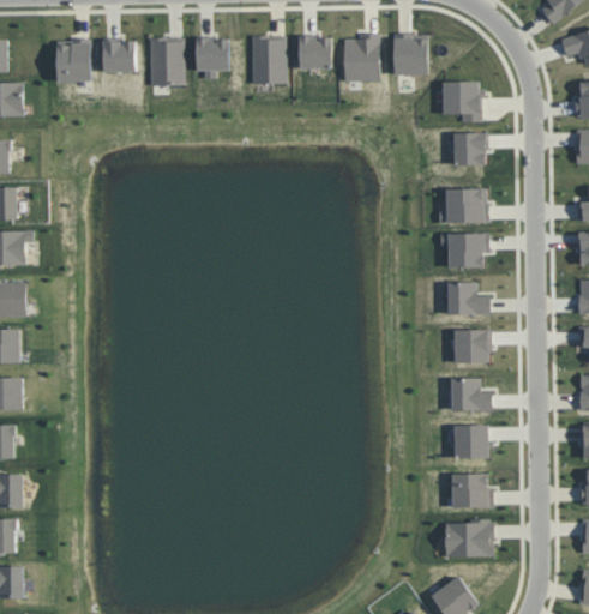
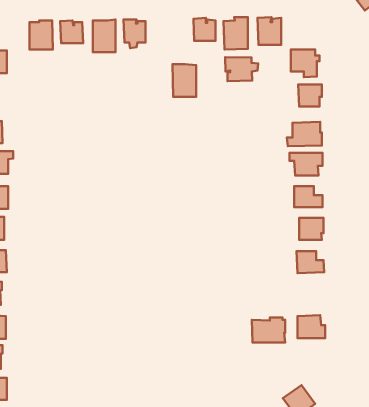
building: [251,36,286,84] -> [172,64,196,97]
building: none -> [225,57,258,81]
building: [453,425,493,459] -> none
building: [444,519,493,556] -> [252,317,285,343]

